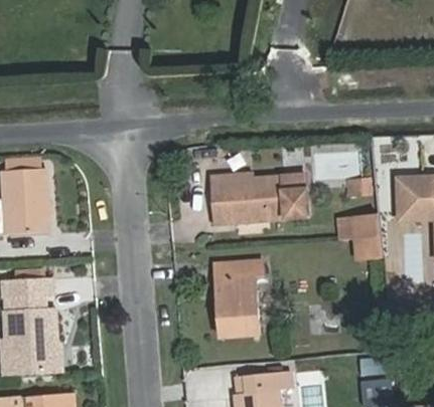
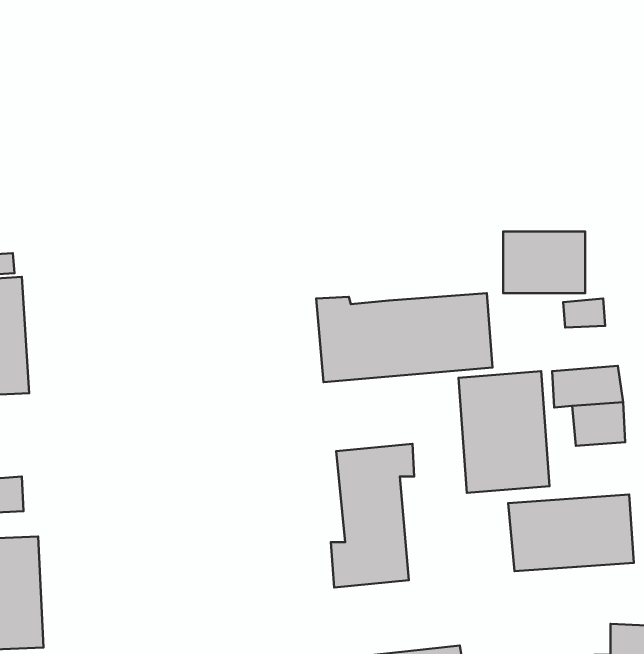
building: none -> [458,371,549,493]
building: none -> [508,494,634,571]

